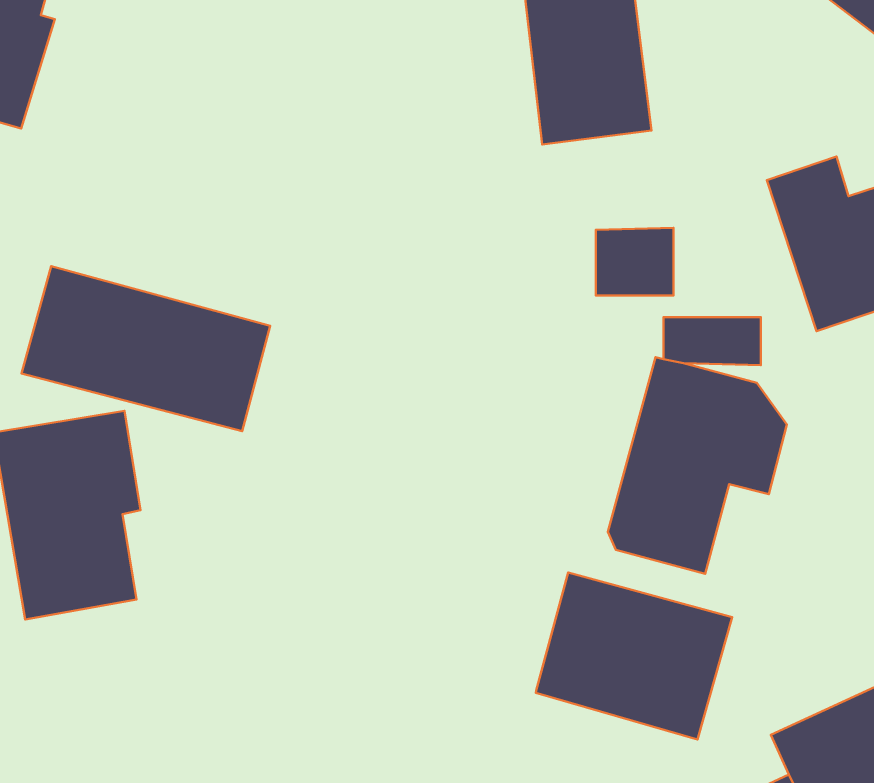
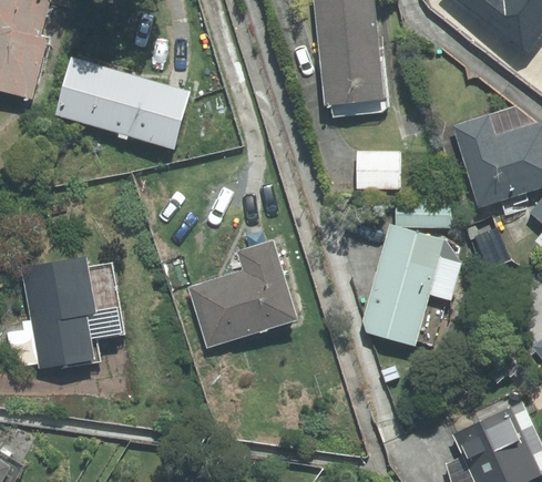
building: [21,266,270,431] -> [55,55,194,147]
building: none -> [188,238,303,347]
building: [536,572,732,740] -> none

